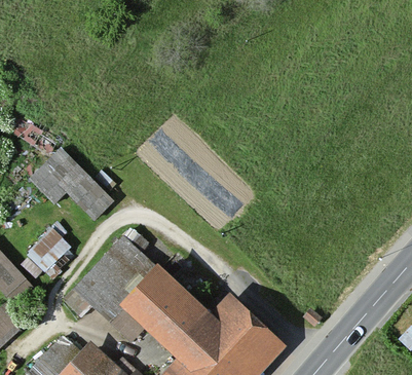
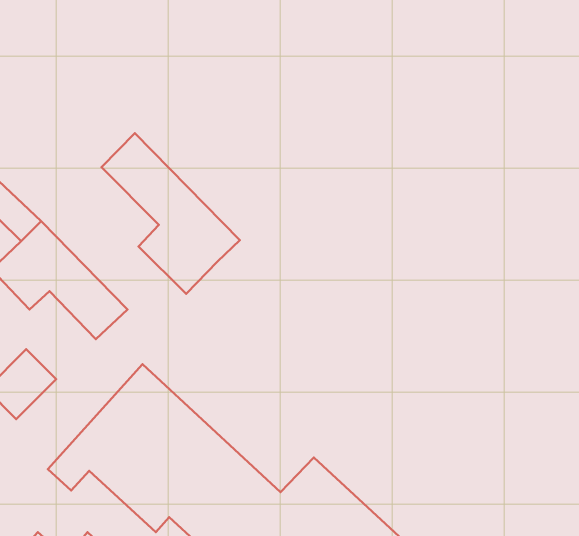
building: none -> [101,133,240,294]

